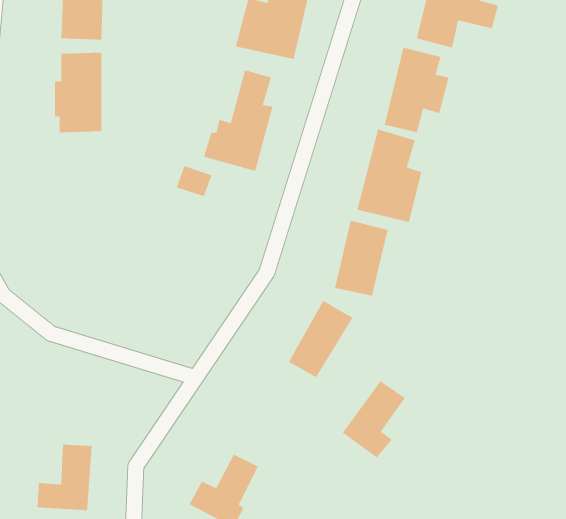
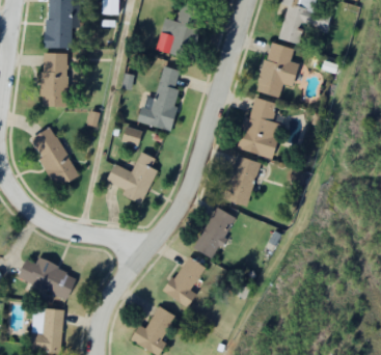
building: none -> [31,122,82,185]
building: none -> [106,146,159,202]
building: none -> [16,252,77,295]
building: [342,380,406,459] -> [162,258,203,309]

